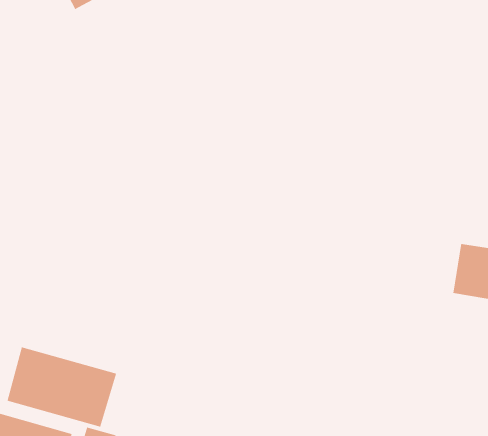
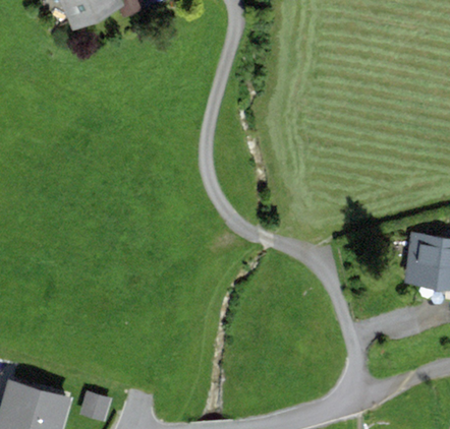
building: [7,346,117,427] -> none

